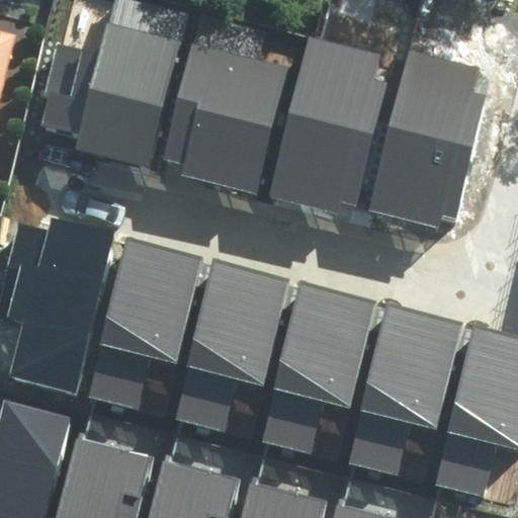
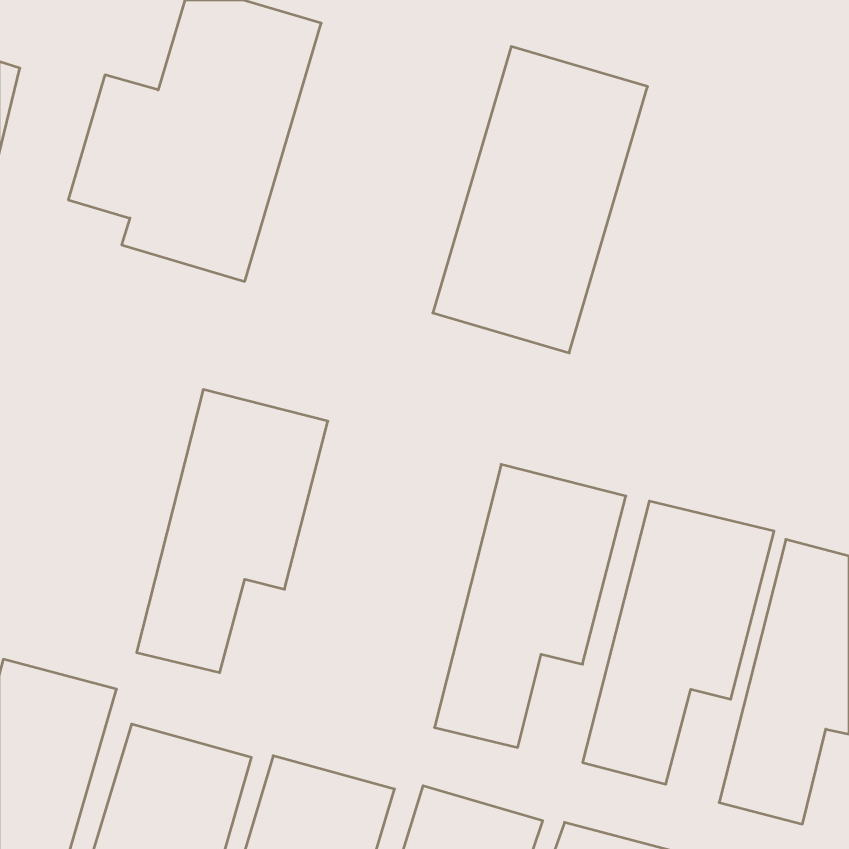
building: [164,48,286,186] -> none
building: [362,52,492,237] -> none
building: [7,211,117,384] -> none
building: [171,256,286,428] -> none

